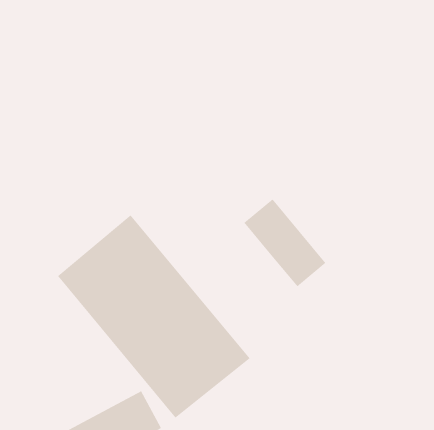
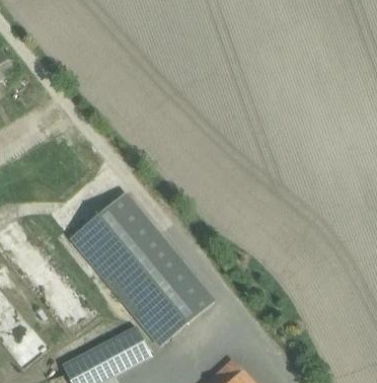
building: [244,199,326,287] -> none

